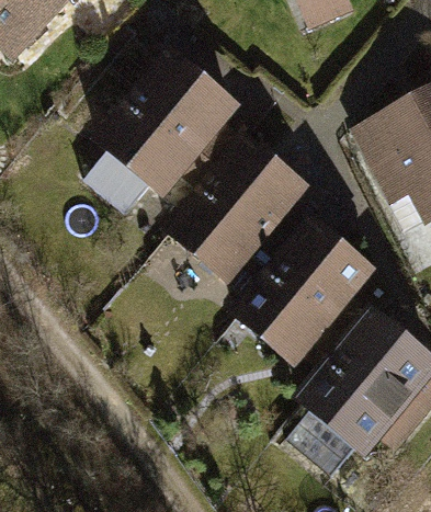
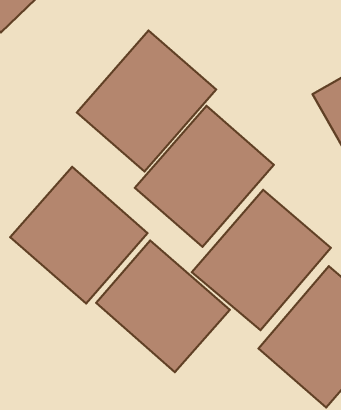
building: none -> [10,167,147,303]
building: none -> [96,240,230,372]

